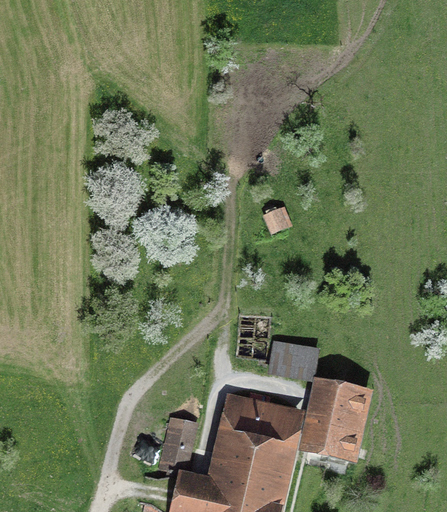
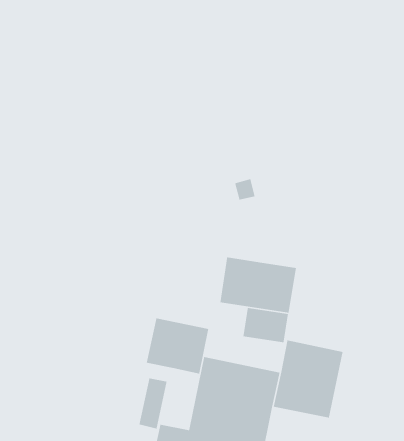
building: none -> [220,257,297,314]
building: none -> [146,317,209,375]

